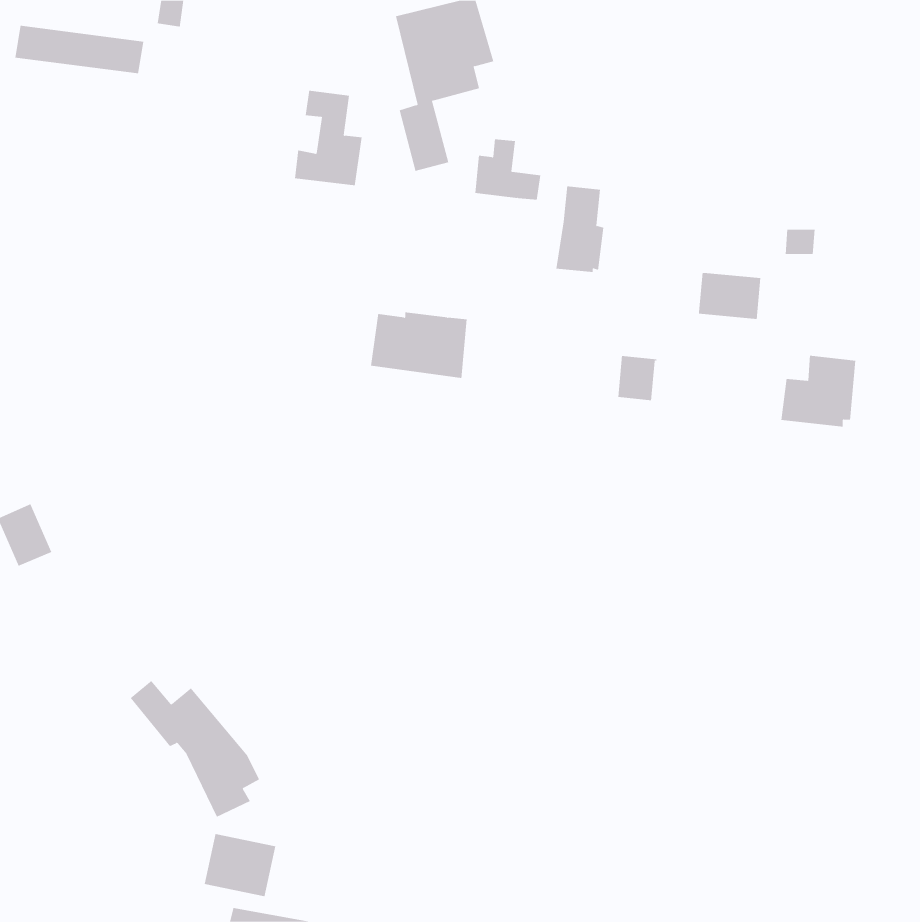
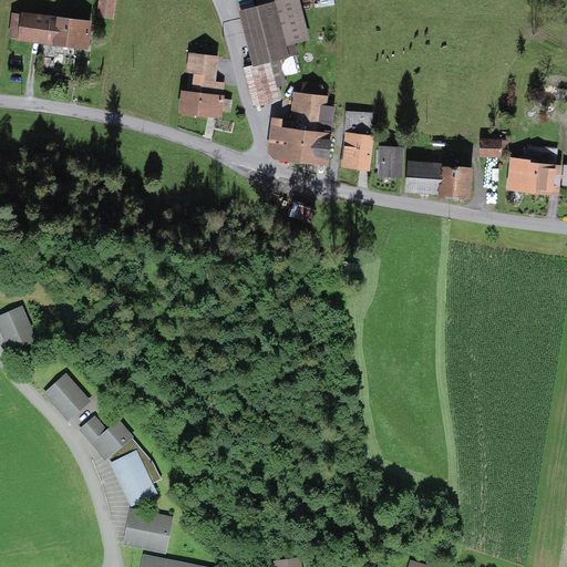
building: none -> [373,148,401,174]
building: [370,312,468,379] -> [270,118,330,159]
building: [780,355,856,427] -> [508,146,555,190]
building: [618,356,657,401] -> [408,164,432,192]
building: none -> [47,377,85,416]

